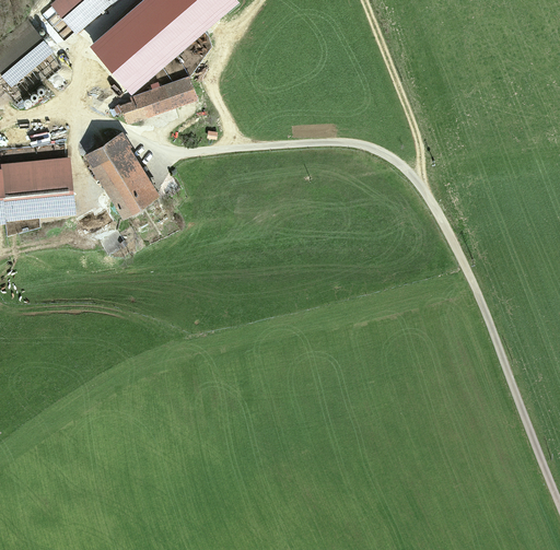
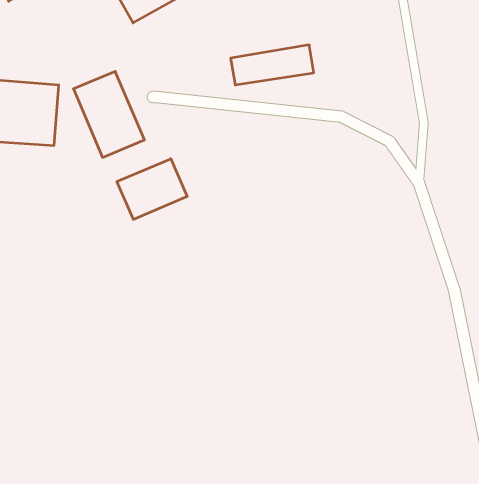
building: [117,77,197,126] -> [231,45,314,85]
building: none -> [117,159,187,219]

